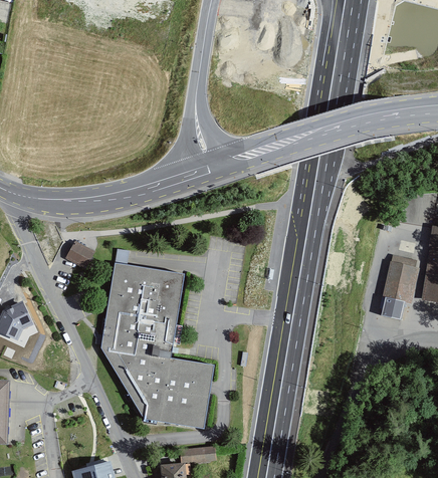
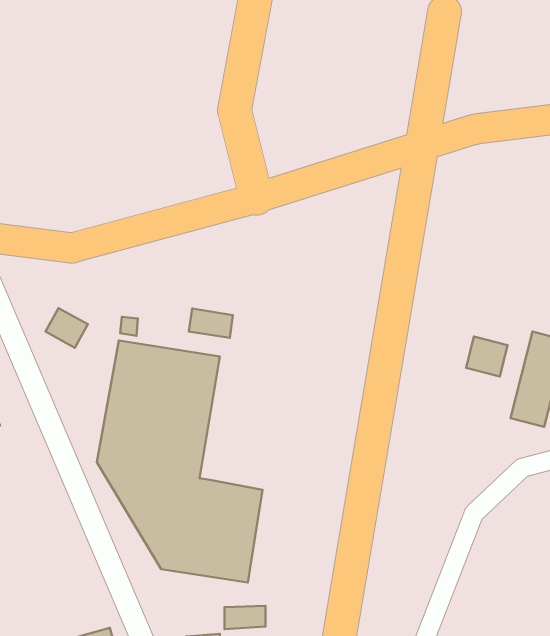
building: none -> [189,309,233,338]
building: none -> [466,337,507,376]

